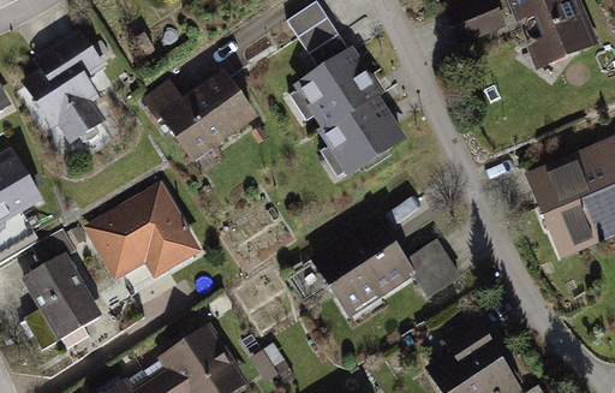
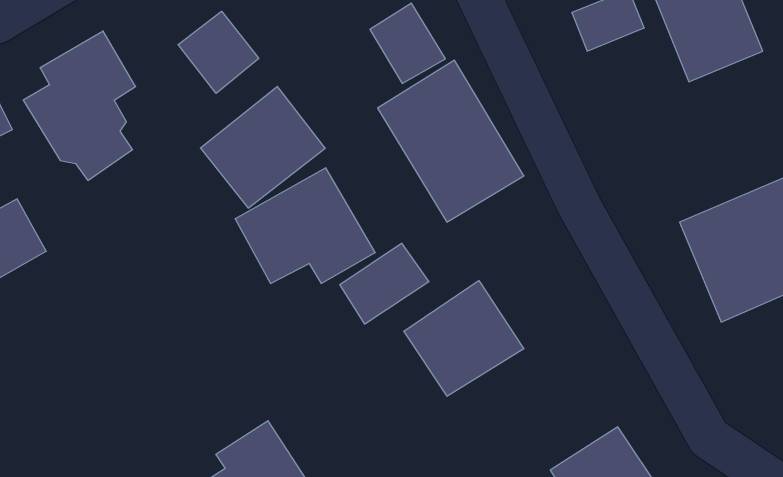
building: none -> [178,11,259,93]
building: [86,186,196,276] -> [235,168,375,283]
building: none -> [340,243,429,324]
building: [407,243,459,296] -> none
building: [26,258,97,337] -> none

